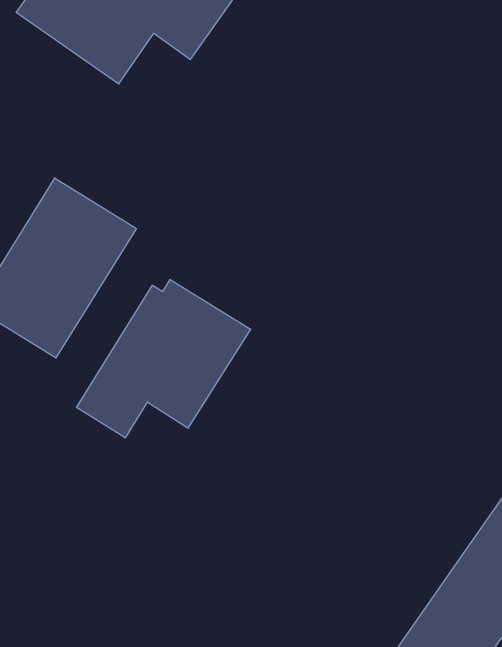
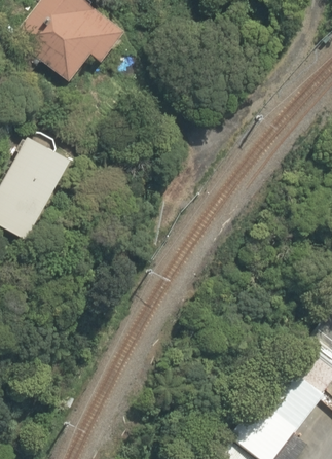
building: [77,280,251,438] -> none

